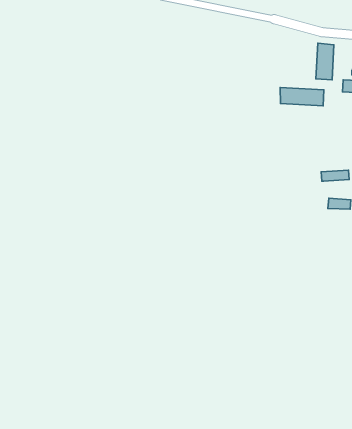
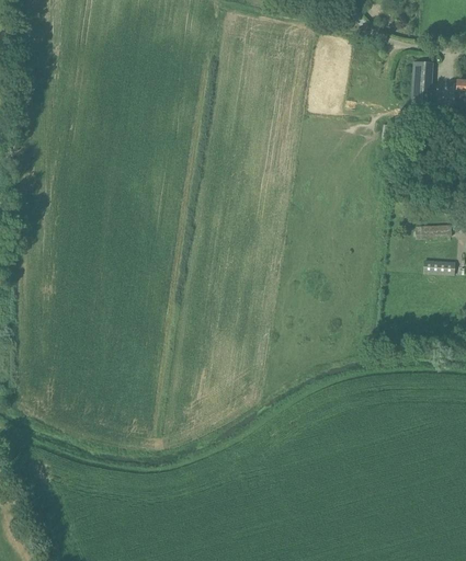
building: [280,88,324,106] -> none

